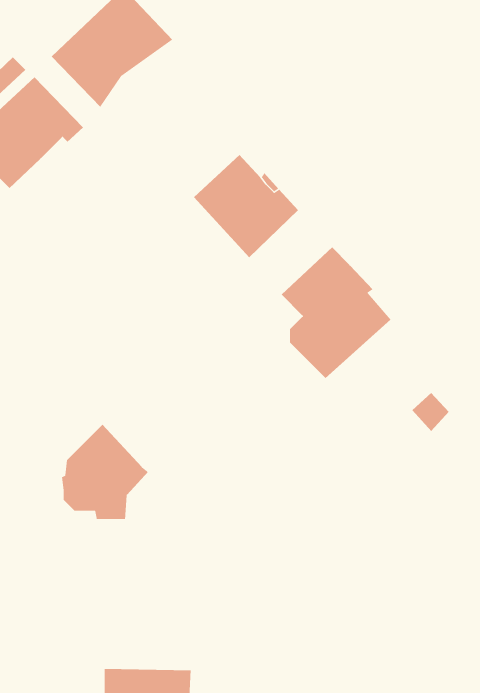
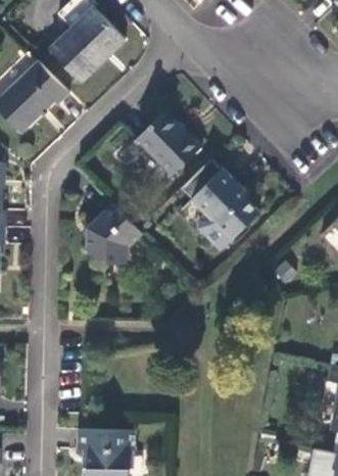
building: [61,424,149,520] -> [87,203,141,263]

